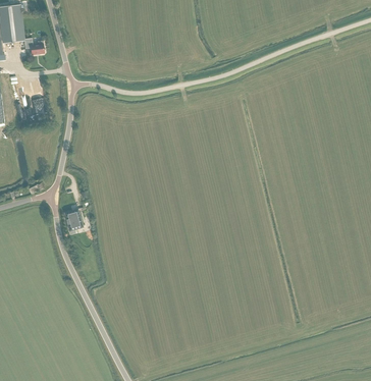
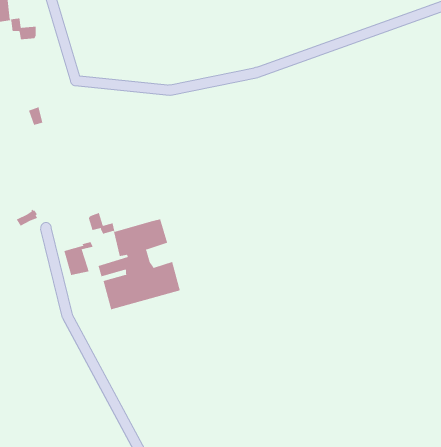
building: none -> [88,212,181,310]

